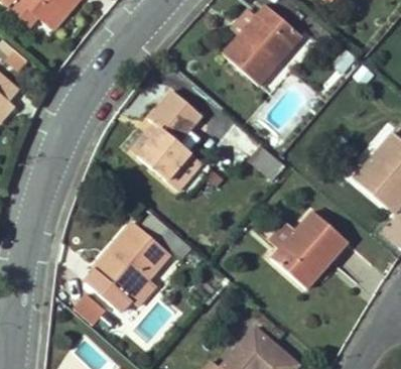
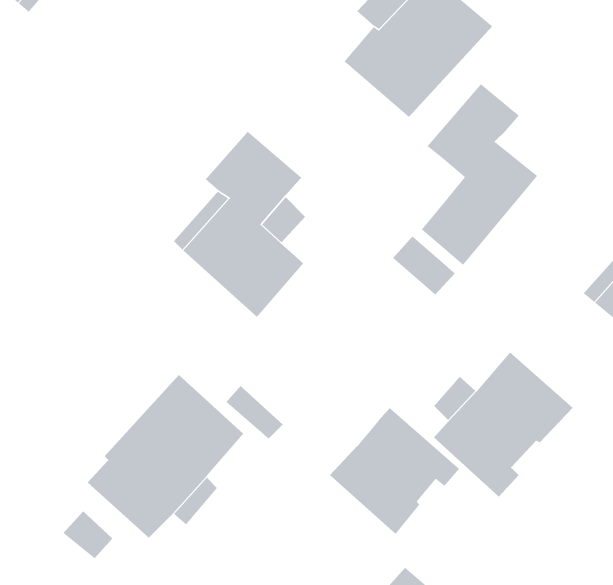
building: none -> [421,83,538,266]
building: none -> [329,407,460,535]

